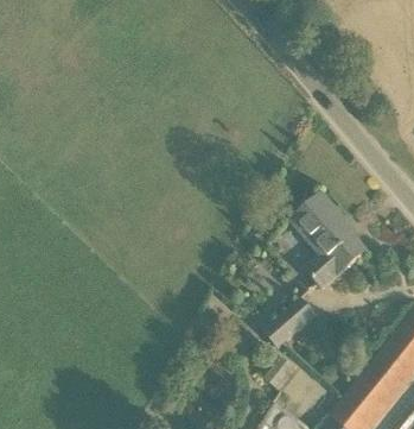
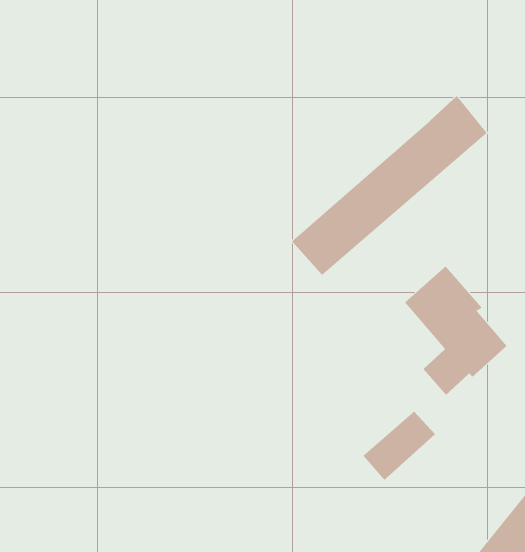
building: none -> [291,95,487,276]

